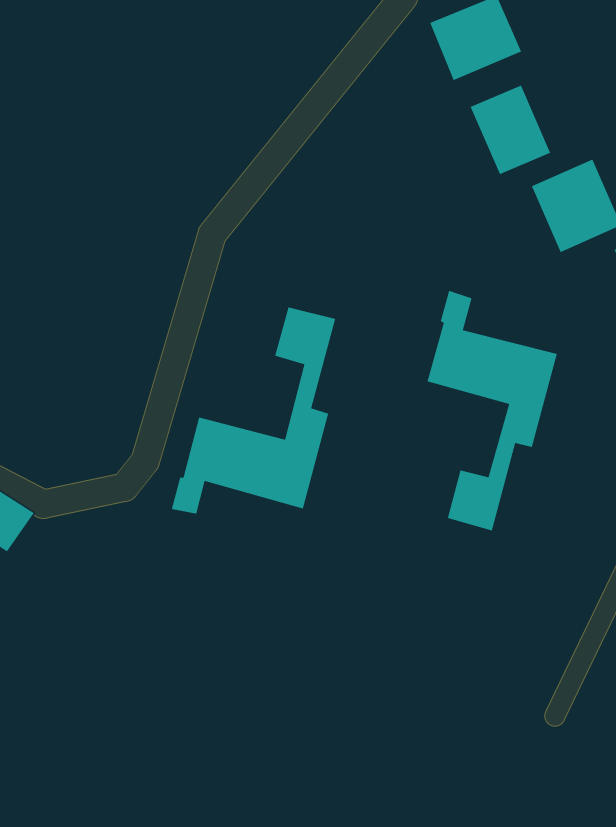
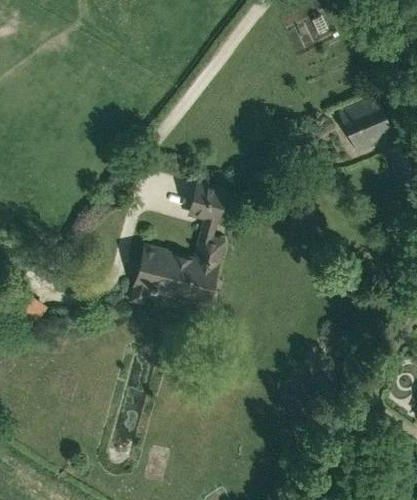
building: [469,84,551,175] -> none
building: [426,290,558,532] -> none

